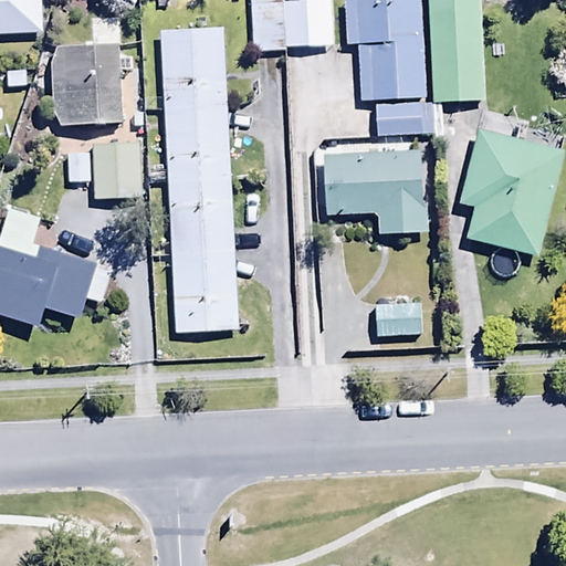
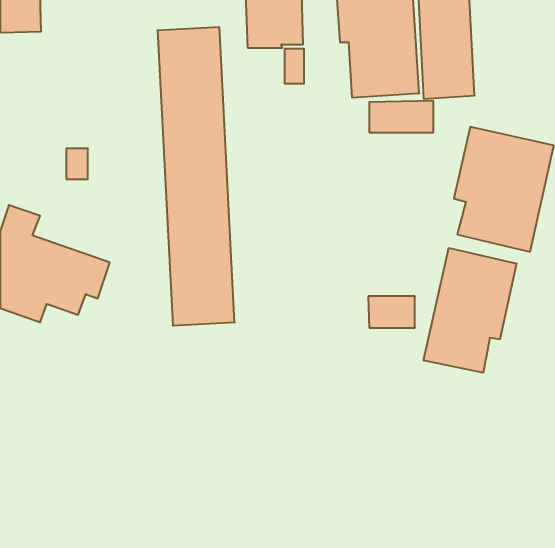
building: [54,48,122,123] -> none
building: [325,138,428,232] -> none
building: [93,142,143,198] -> none
building: none -> [424,248,517,373]

